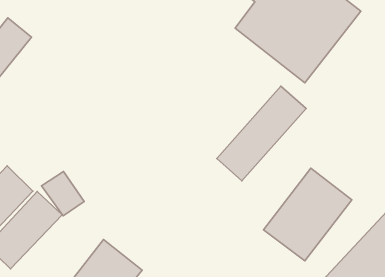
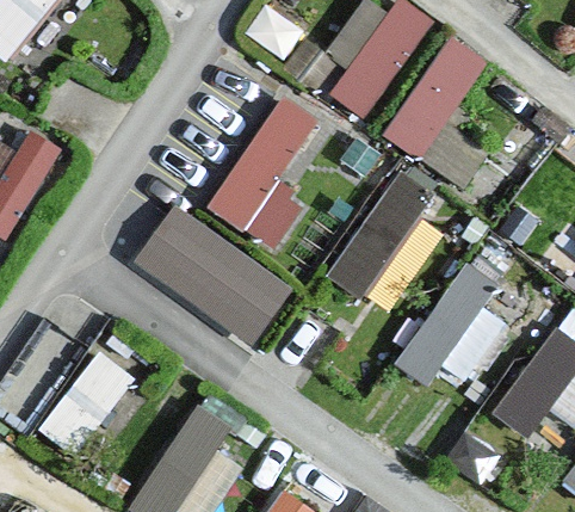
building: none -> [211,90,320,248]
building: none -> [130,203,293,348]

